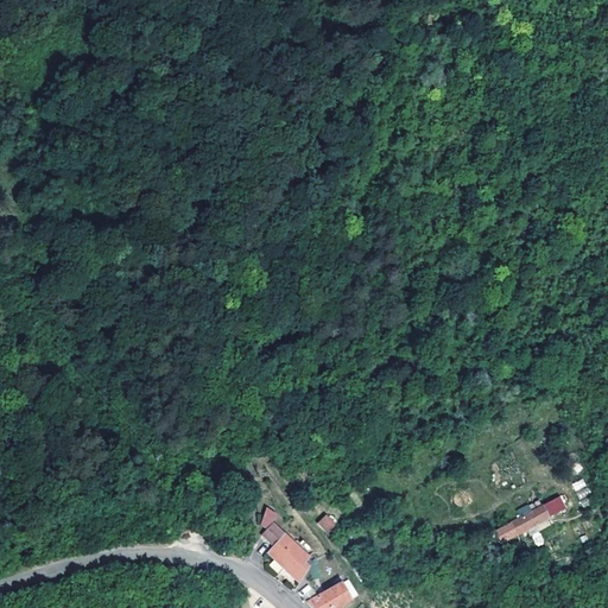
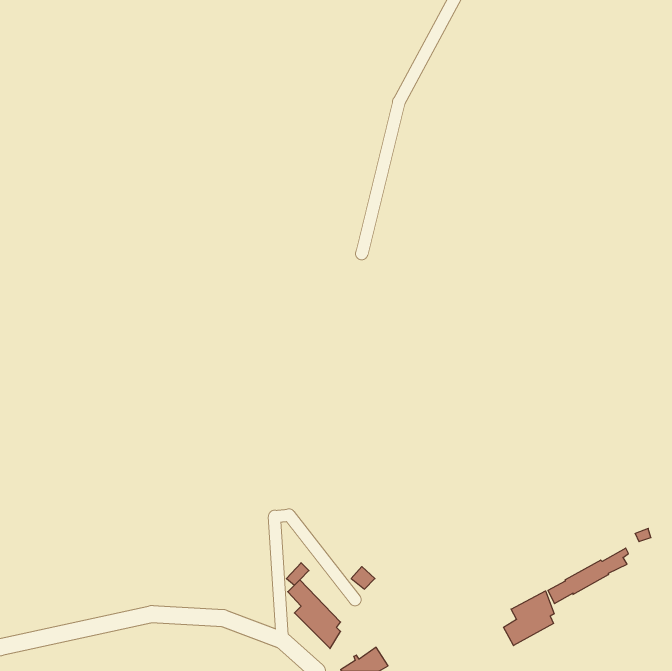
building: none -> [504,591,554,646]

